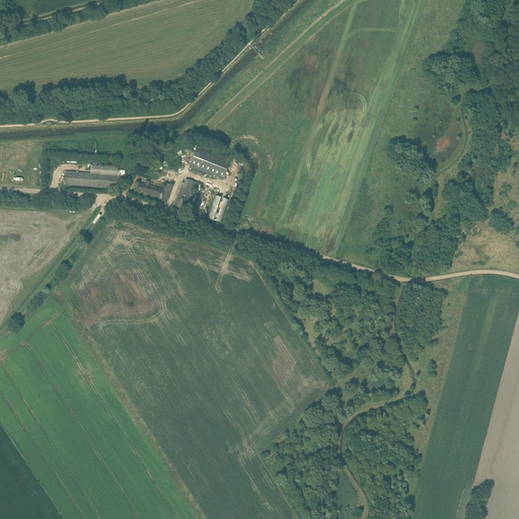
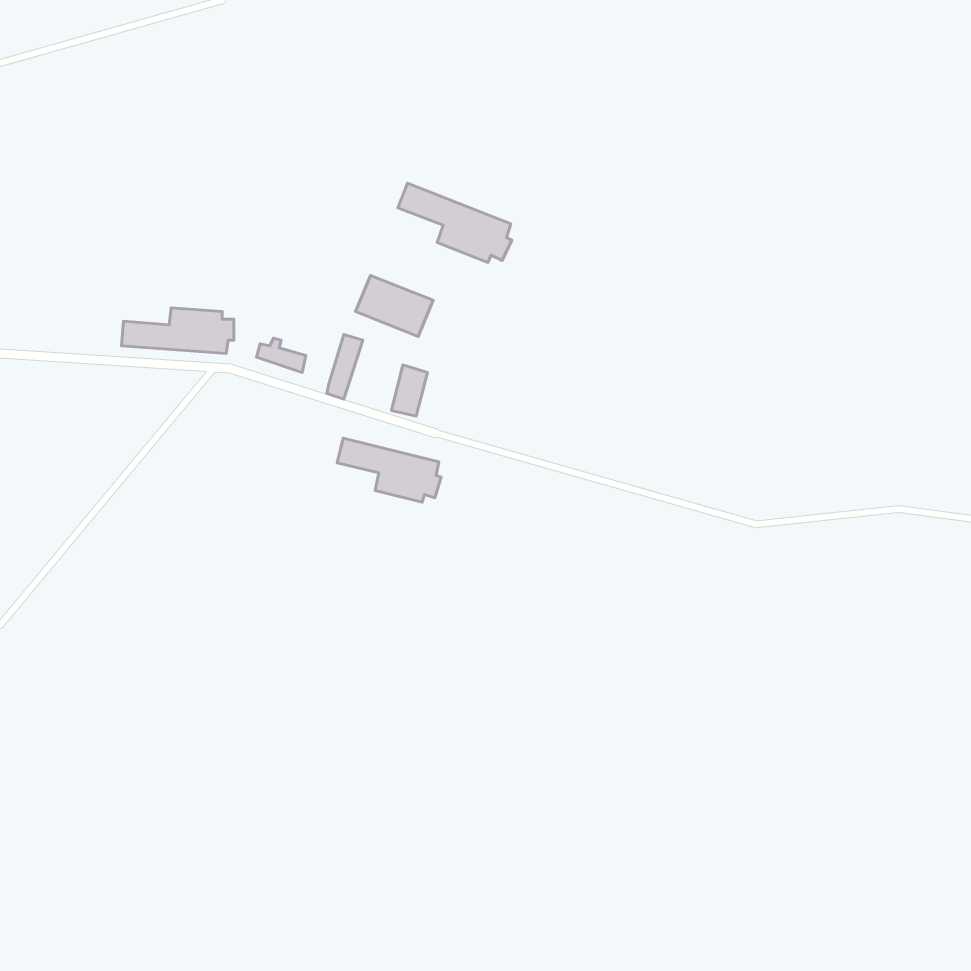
building: none -> [398,183,512,262]
building: none -> [337,438,441,502]

